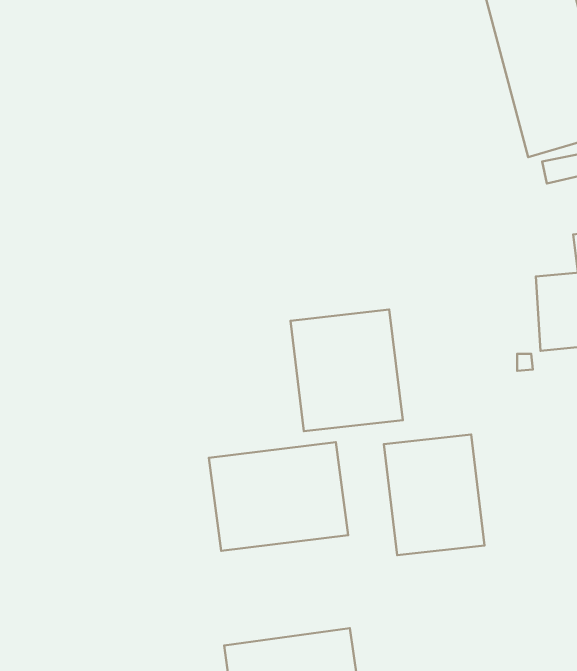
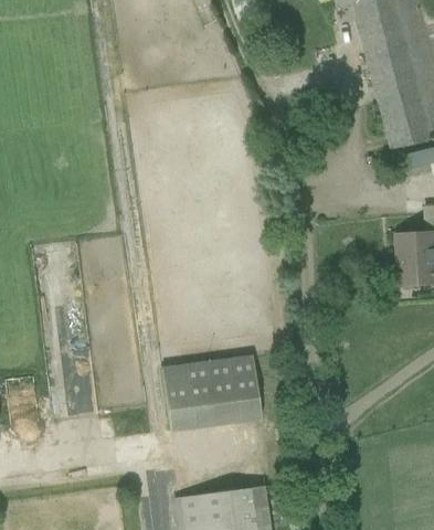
building: [291,310,403,431] -> none
building: [384,434,485,555] -> none

